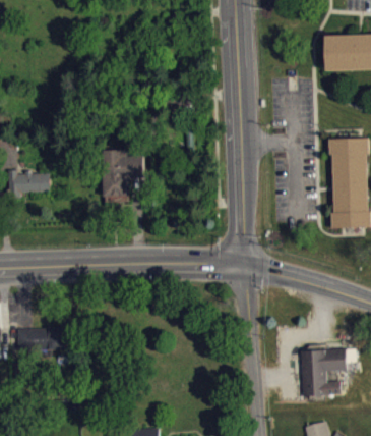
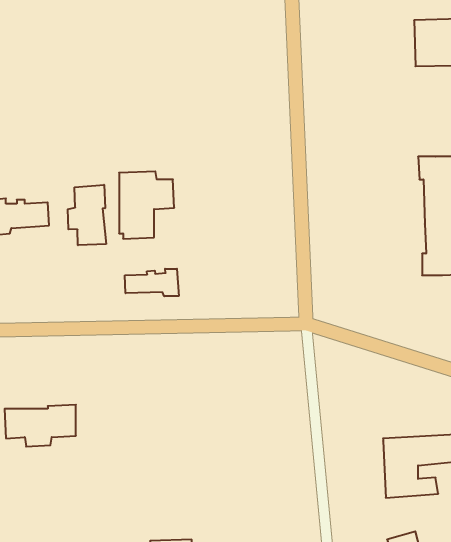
building: none -> [68,185,106,245]
building: none -> [125,269,179,296]

